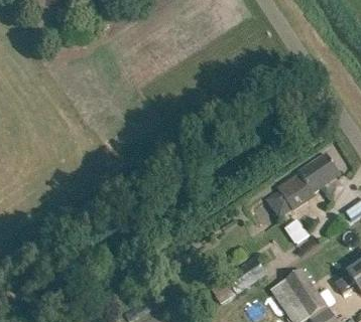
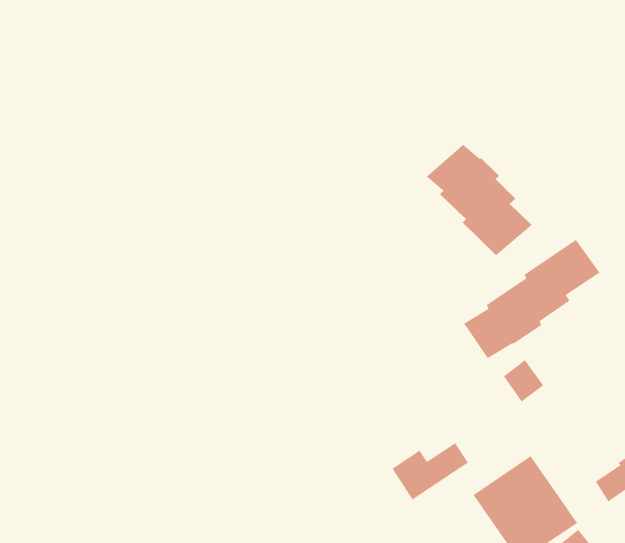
building: none -> [426,144,533,256]

